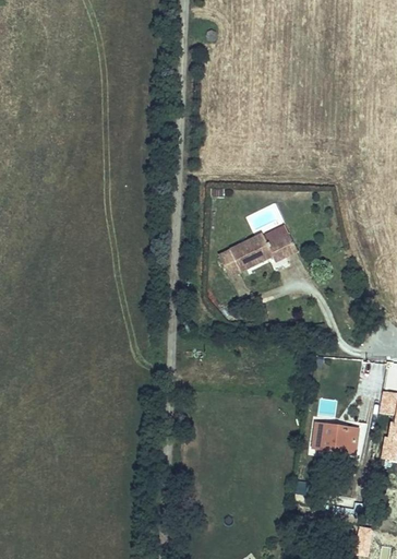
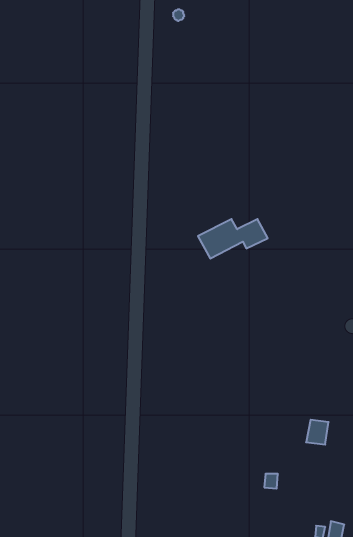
building: [313,425,339,449] -> none

